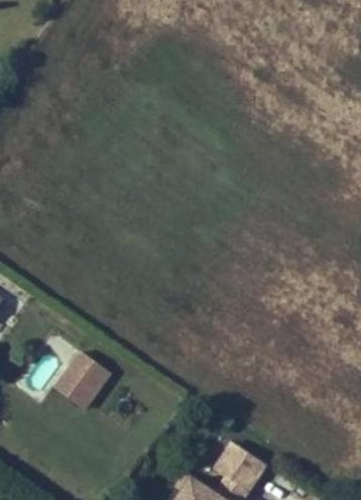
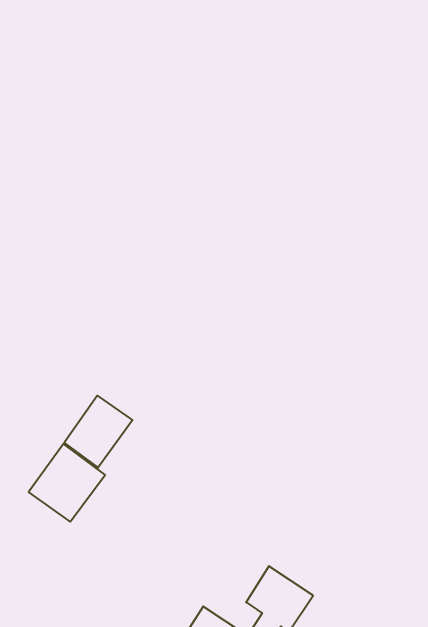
building: none -> [64,396,132,468]

